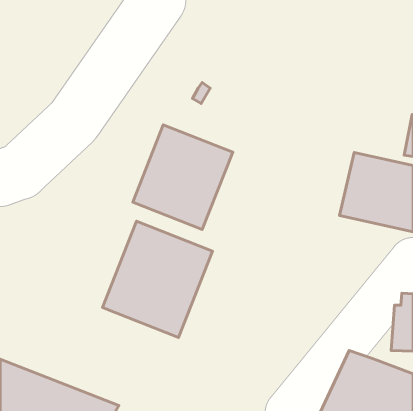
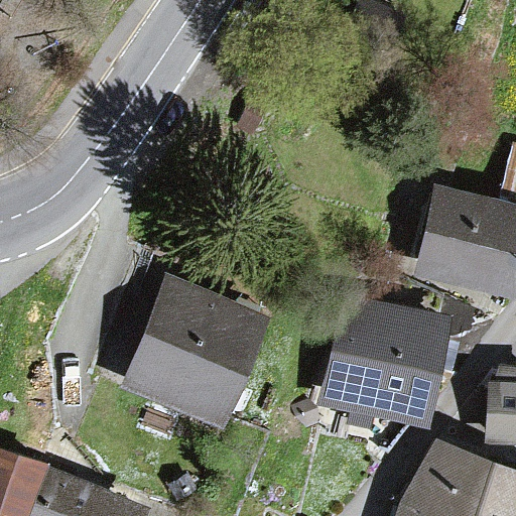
building: [133,125,233,230] -> none
building: none -> [325,298,448,422]

